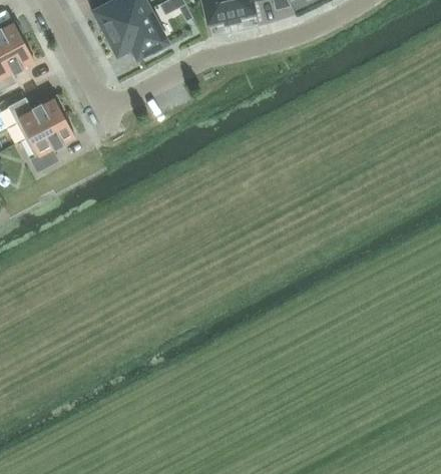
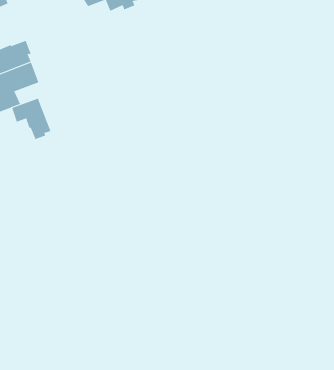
building: none -> [11,98,51,140]

